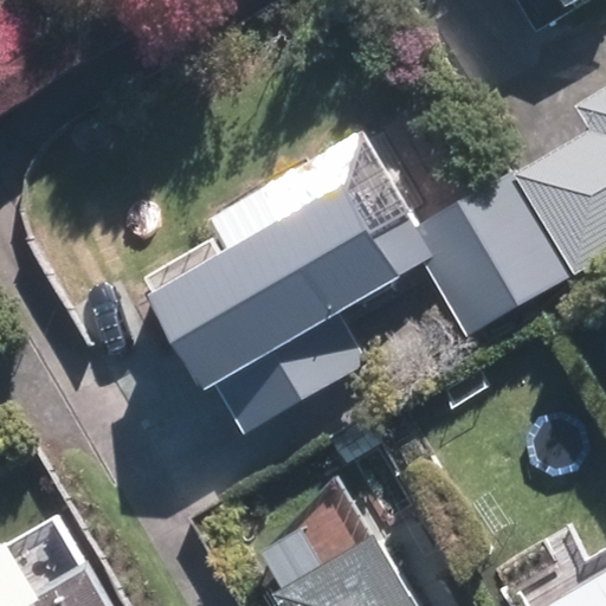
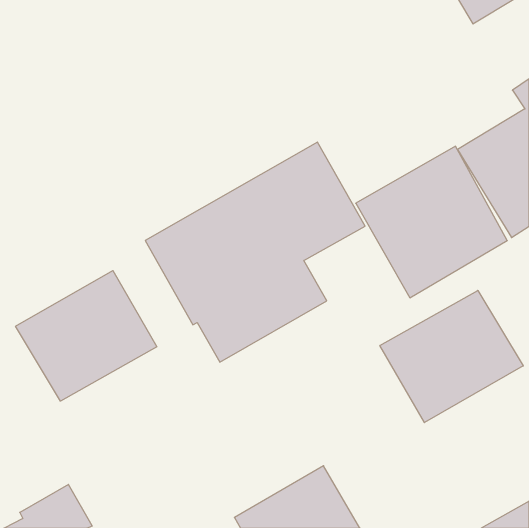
building: none -> [16,271,157,401]
building: none -> [380,290,523,423]

